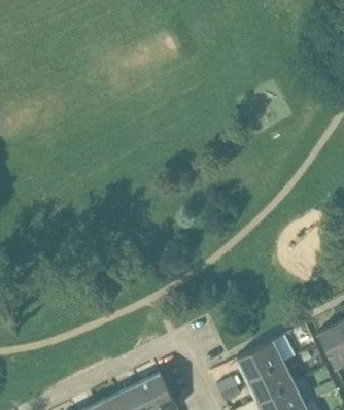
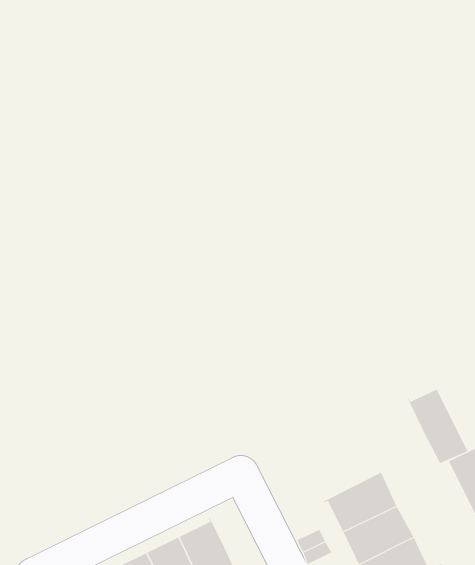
building: none -> [407,389,468,464]

